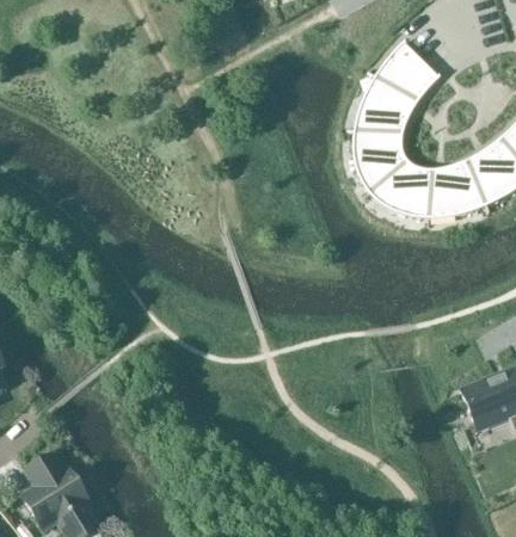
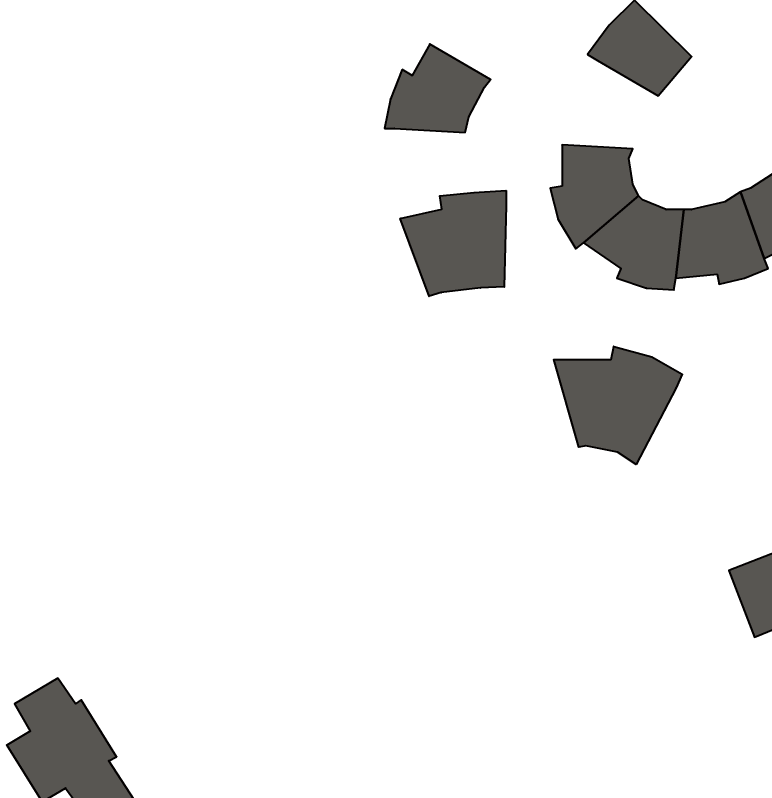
building: [354,79,418,132] -> [385,44,491,132]
building: none -> [400,191,506,296]
building: none -> [554,346,682,464]

